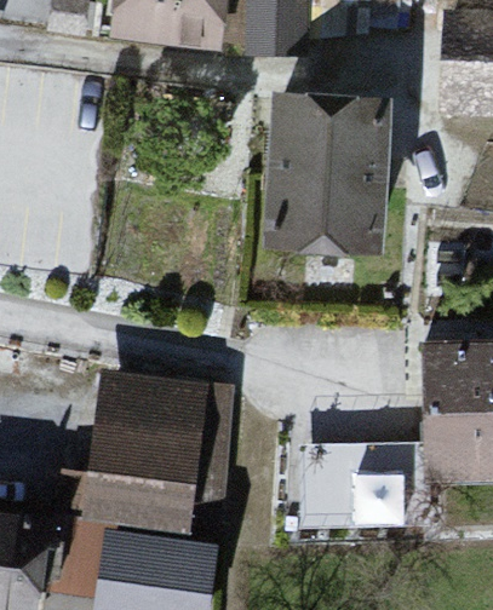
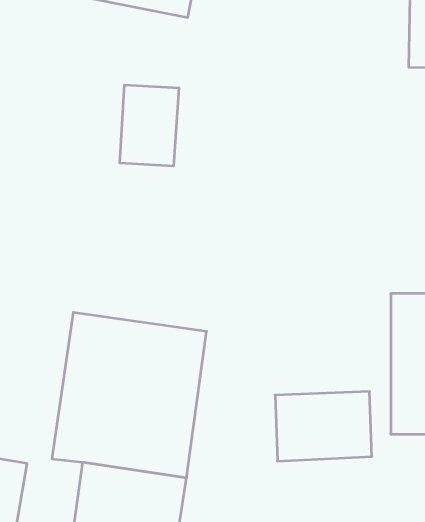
building: [263,103,390,259] -> none
building: none -> [120,85,179,166]

